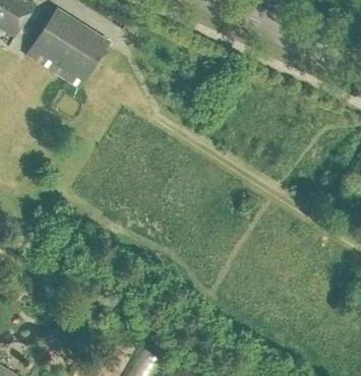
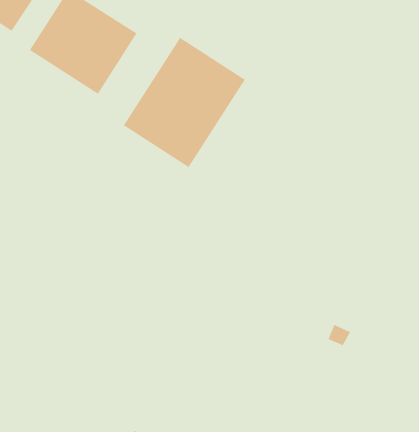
building: none -> [123,37,246,168]

